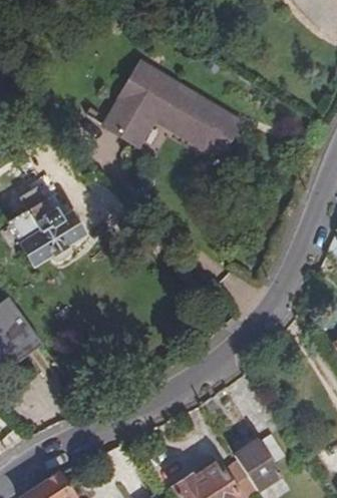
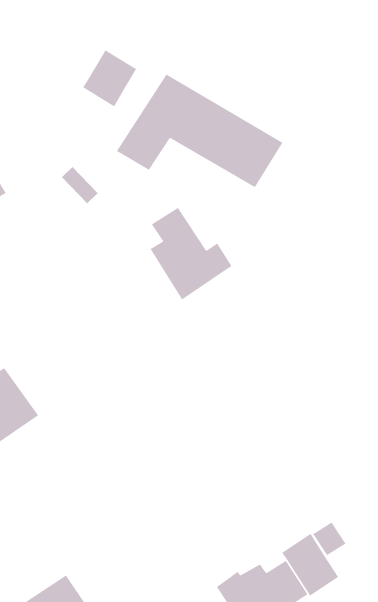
building: none -> [82,49,137,107]
building: [16,185,83,262] -> [150,207,232,301]

